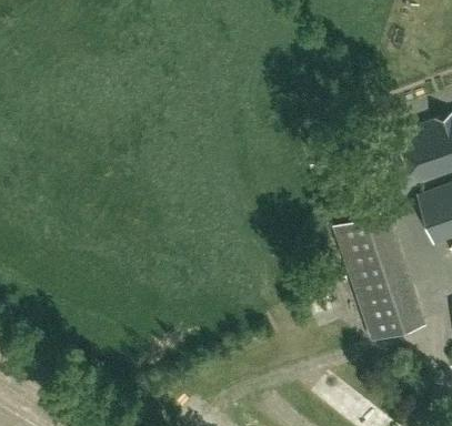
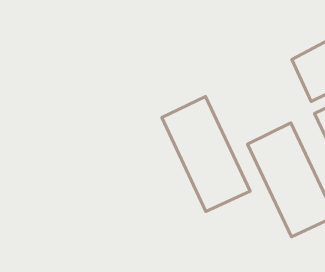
building: none -> [162,97,250,211]

